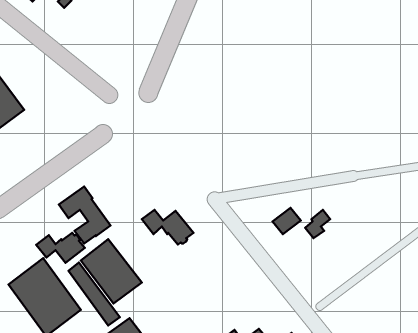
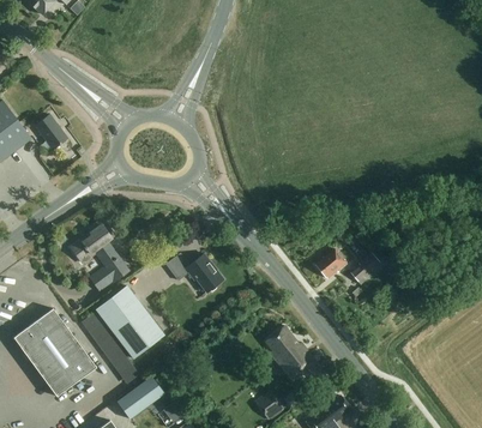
building: none -> [35,114,67,149]
building: [36,233,85,263] -> none
building: none -> [267,326,319,382]

